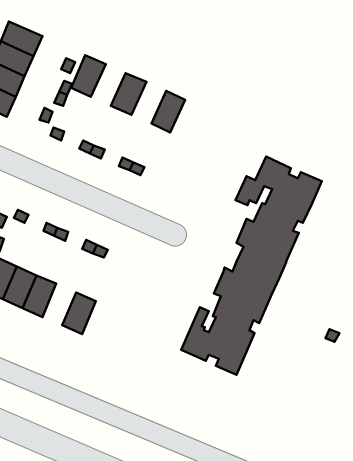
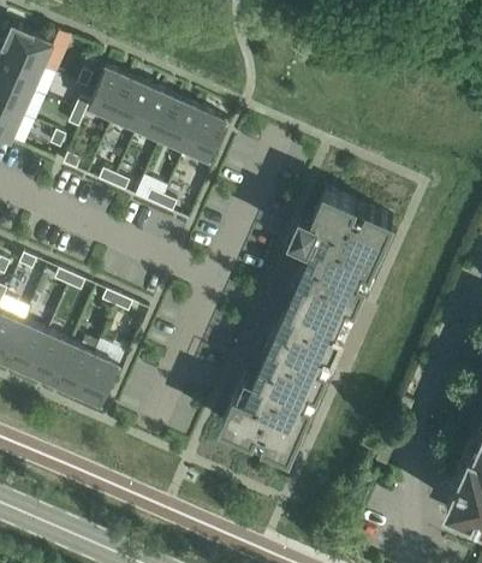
building: none -> [112,79,154,130]
building: none -> [161,101,203,152]
building: none -> [53,345,94,396]

